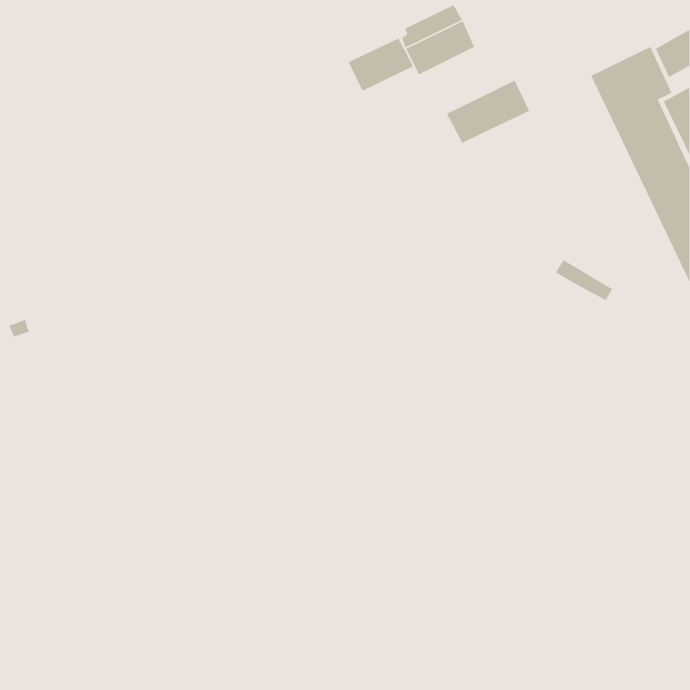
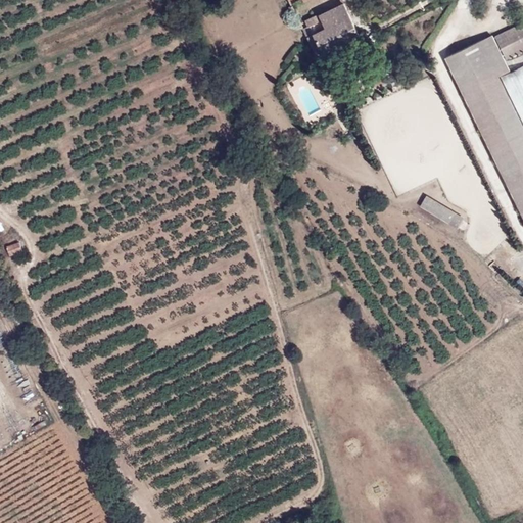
building: [348,38,414,92] -> none
building: [446,80,530,144] -> none

